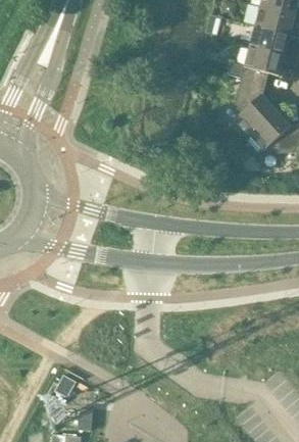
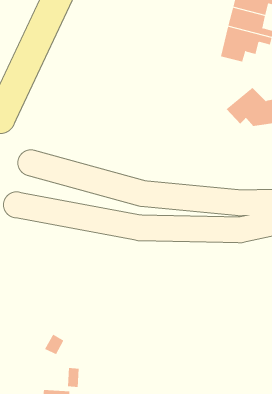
building: [234,78,276,134] -> none

